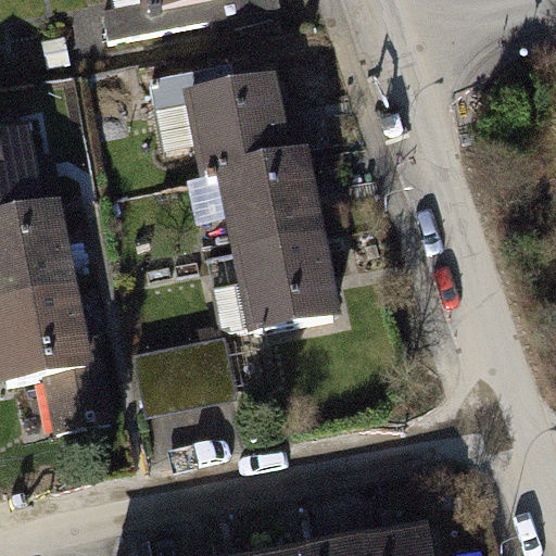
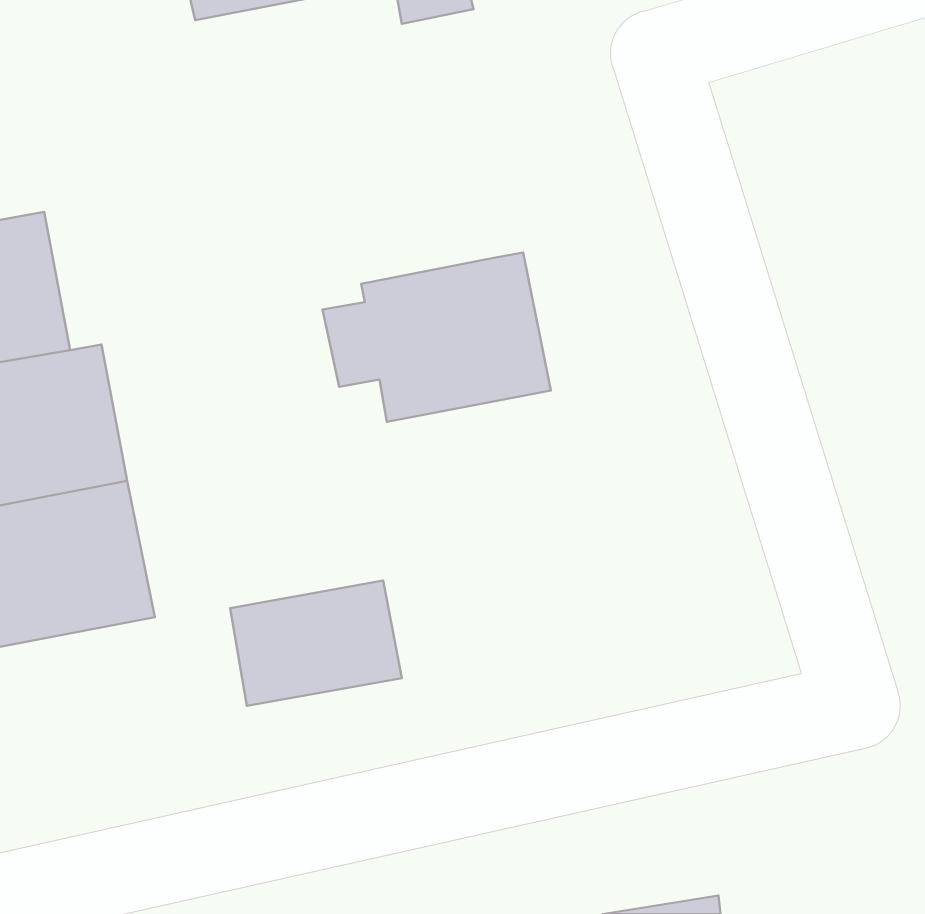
building: [154,72,306,170] -> none
building: [212,230,340,333] -> none

